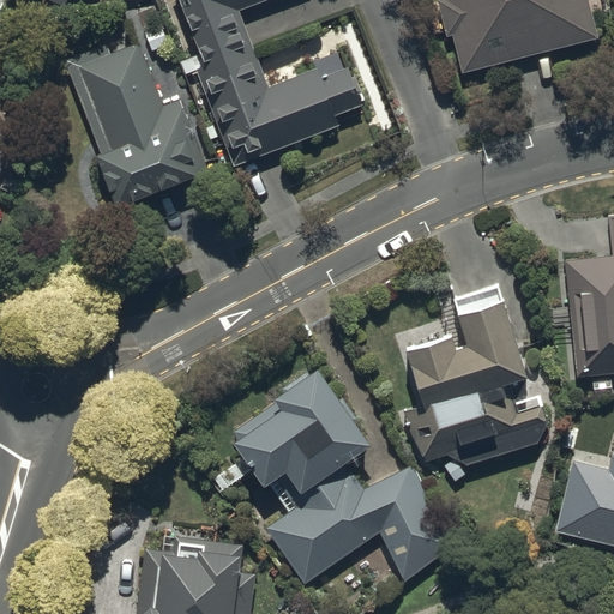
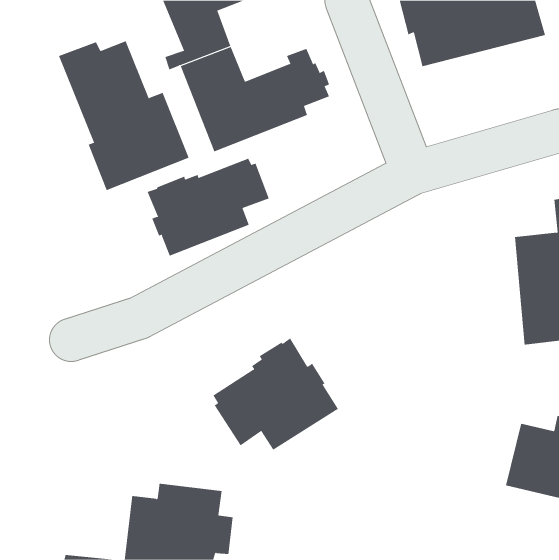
building: none -> [147,158,269,257]
building: [399,284,548,481] -> none
building: [267,466,451,586] -> none

